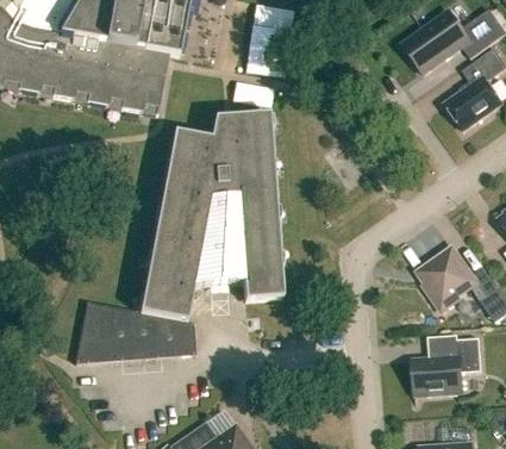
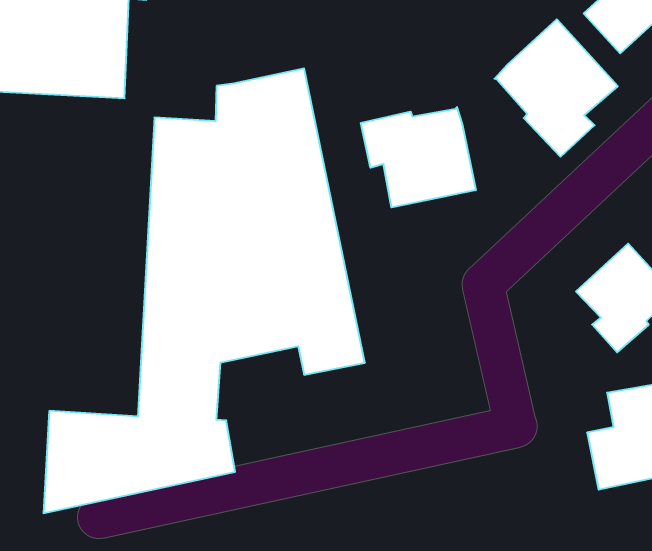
building: none -> [494,19,618,157]
building: none -> [361,107,476,207]

